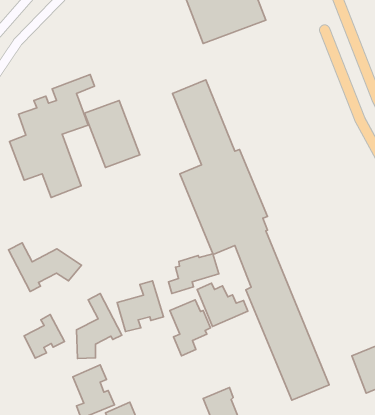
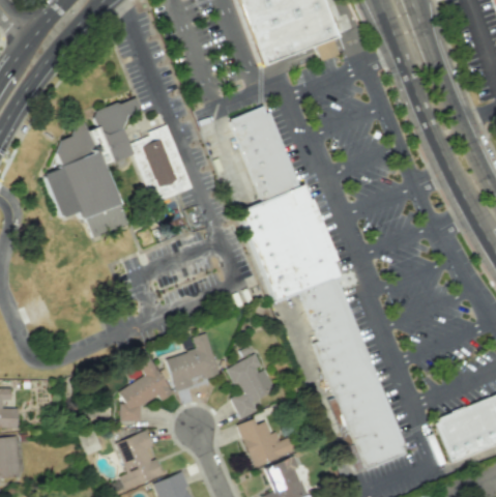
building: [9,243,82,292] -> none
building: [168,254,219,293] -> none
building: [197,283,248,327] -> [236,418,294,468]
building: [24,314,64,358] -> none

